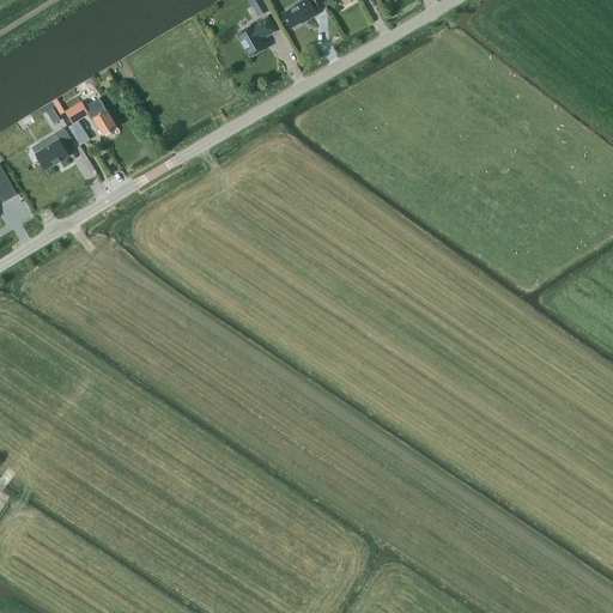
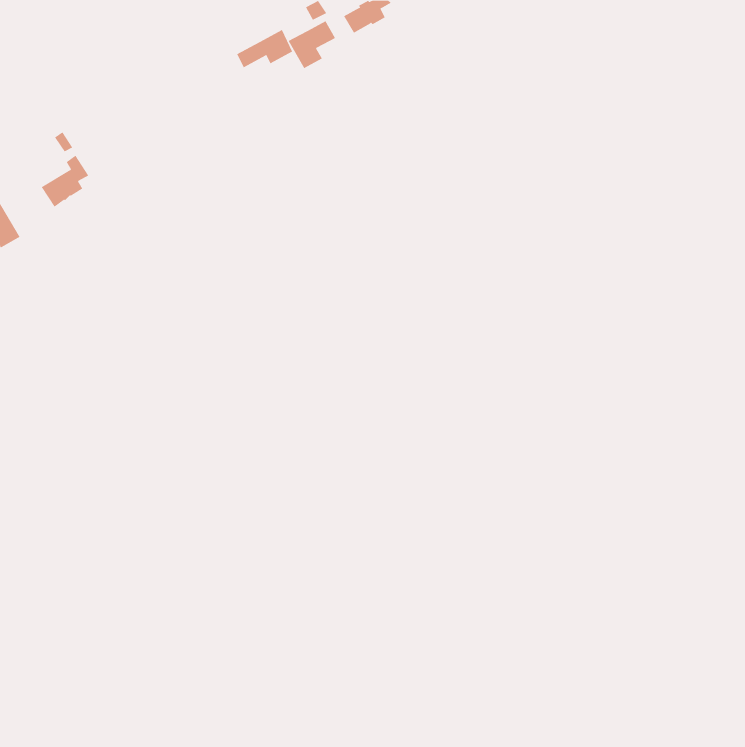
building: none -> [237,29,293,68]
building: [65,98,115,134] -> none

